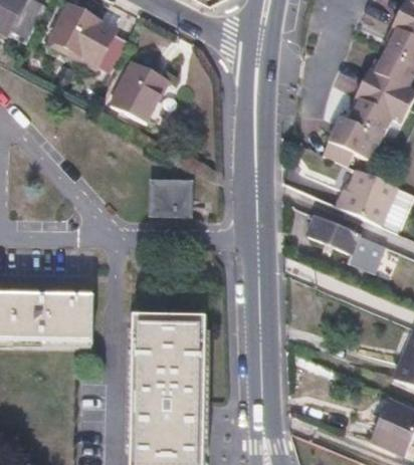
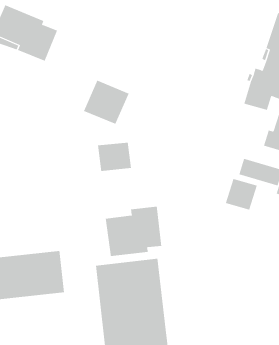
building: [113,56,168,109] -> [83,80,130,124]
building: none -> [225,178,258,211]
building: none -> [105,206,162,257]

